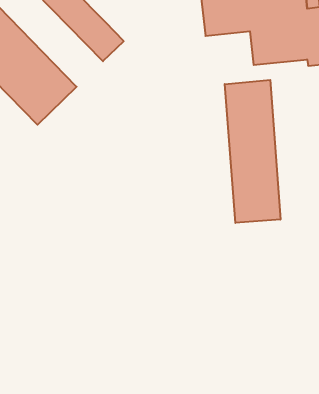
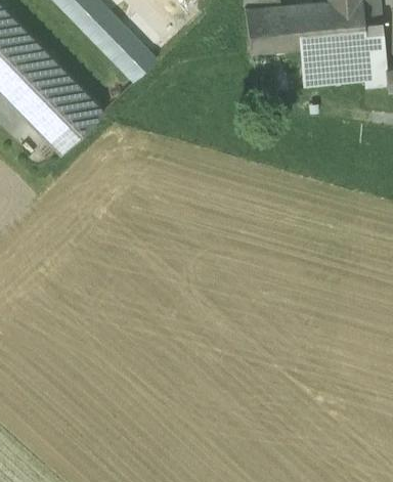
building: [225,80,280,223] -> none

